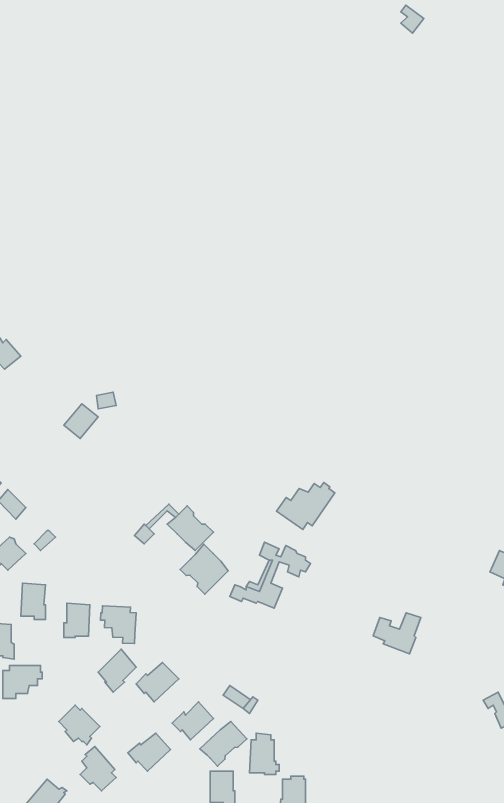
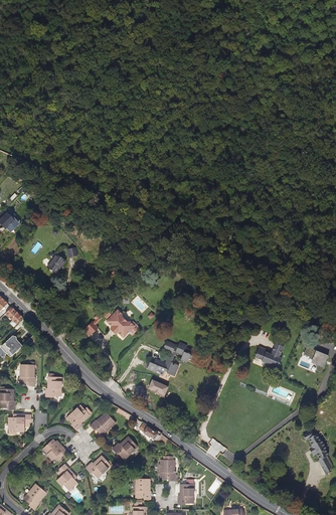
building: [277,482,335,529] -> none
building: [180,544,228,594] -> none
building: [100,606,136,644] -> none
building: [373,613,421,654] -> [254,343,283,368]
building: [200,721,247,766] -> none

